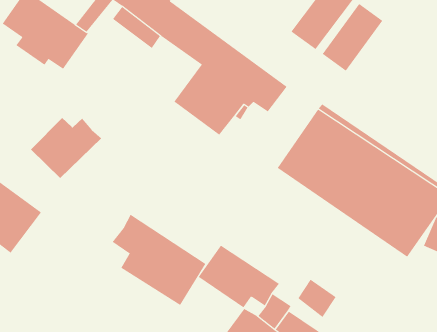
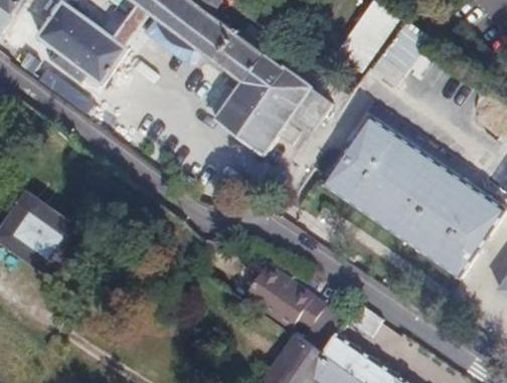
building: [30,117,102,179] -> none
building: [112,214,206,306] -> none

